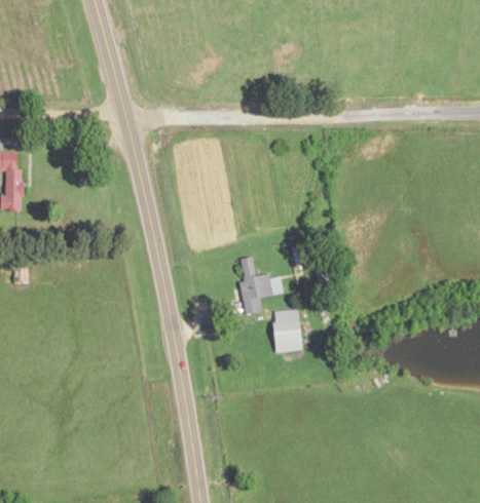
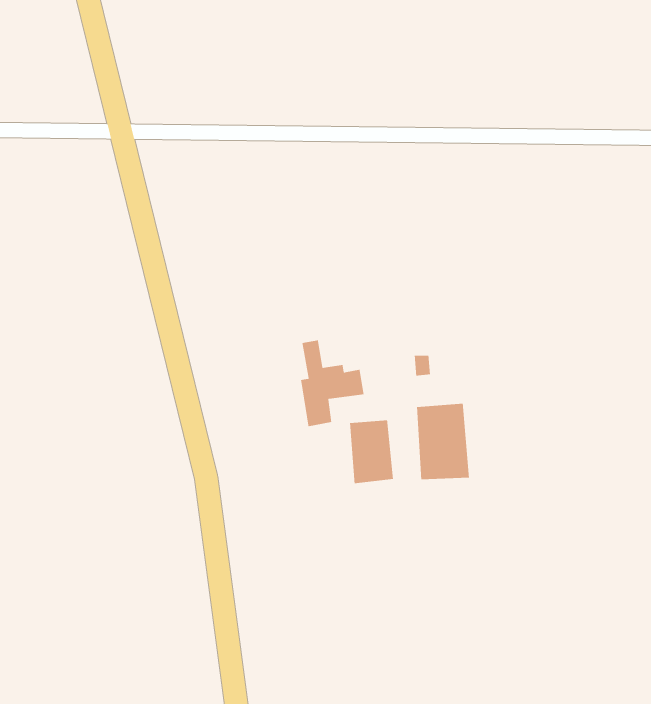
building: none -> [416,403,470,480]

